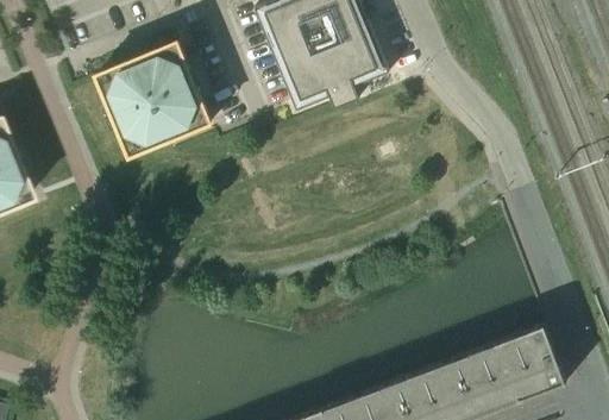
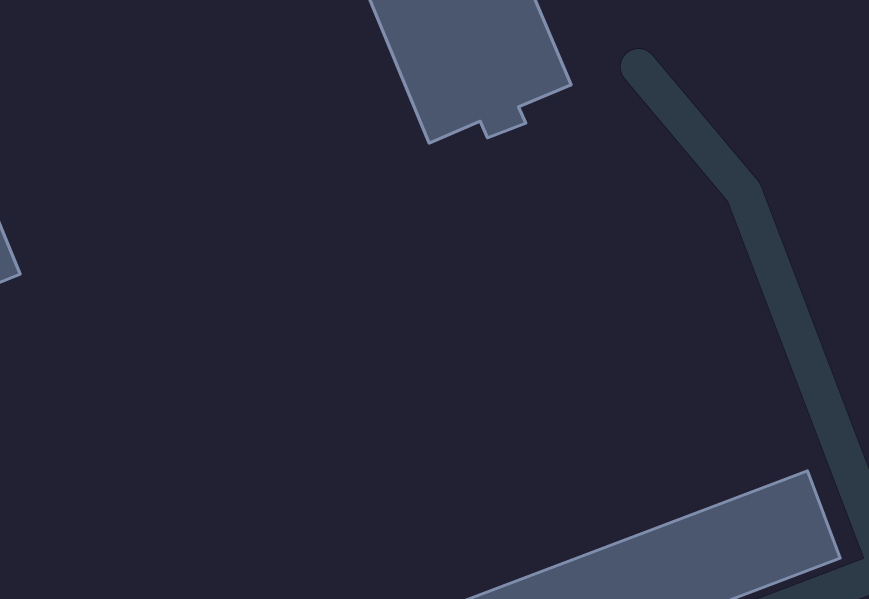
building: [98,44,212,159] -> none

